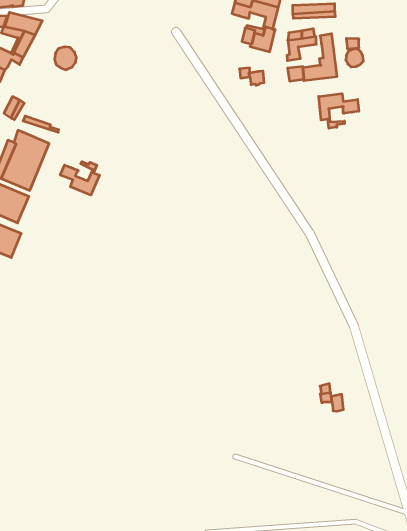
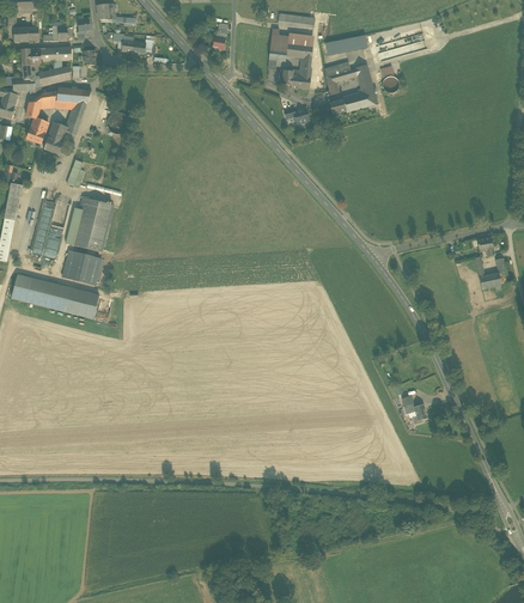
building: [319,94,359,128] -> none
building: [60,162,99,195] -> none

